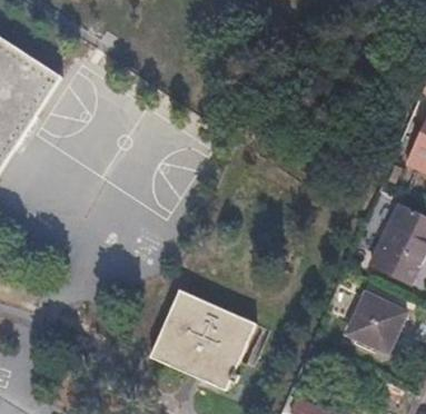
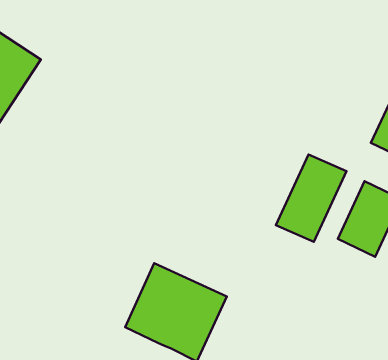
building: none -> [276,155,346,242]
building: [348,293,406,353] -> none

